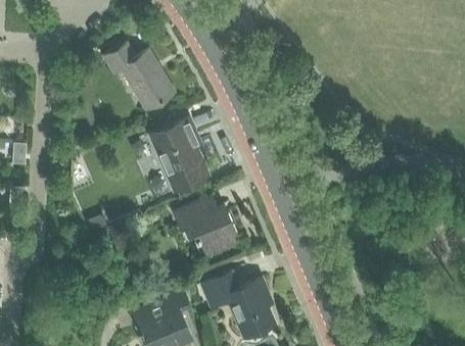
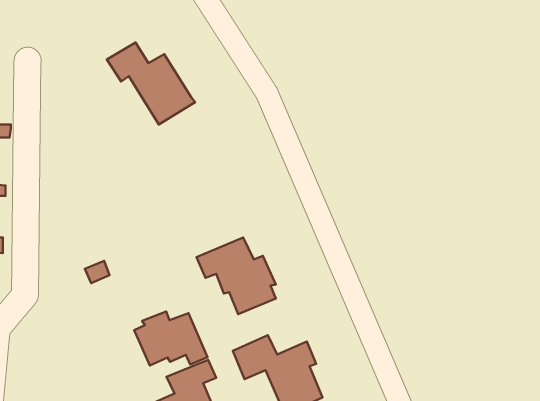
building: [150,118,205,189] -> none
building: none -> [134,311,207,366]

